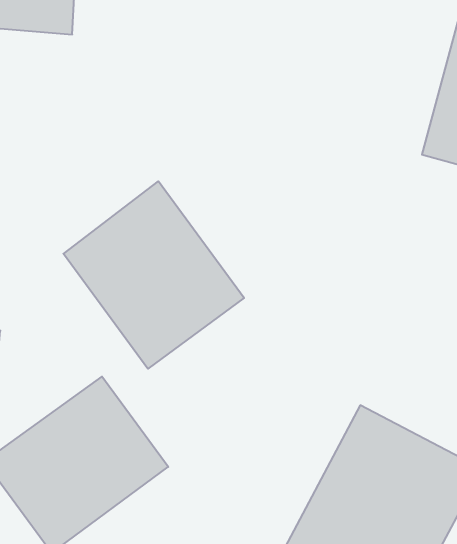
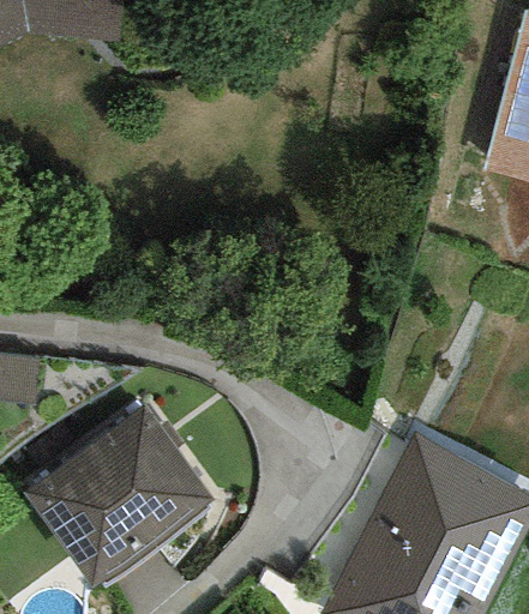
building: [63,181,244,369] -> none

